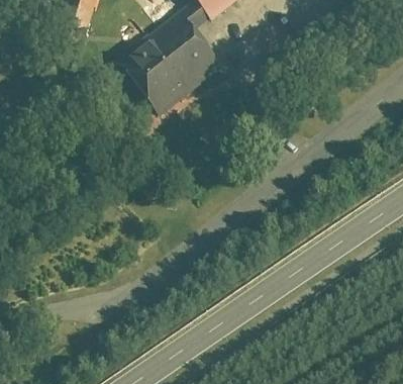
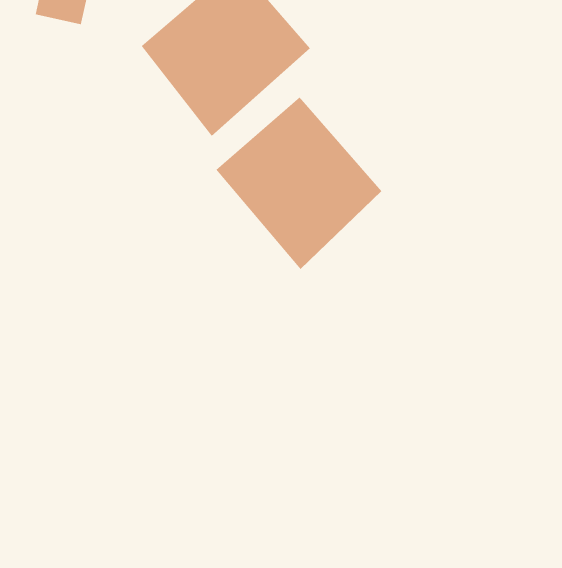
building: none -> [216,97,382,270]

